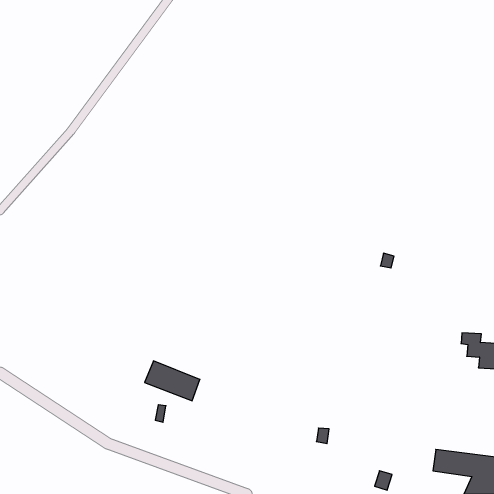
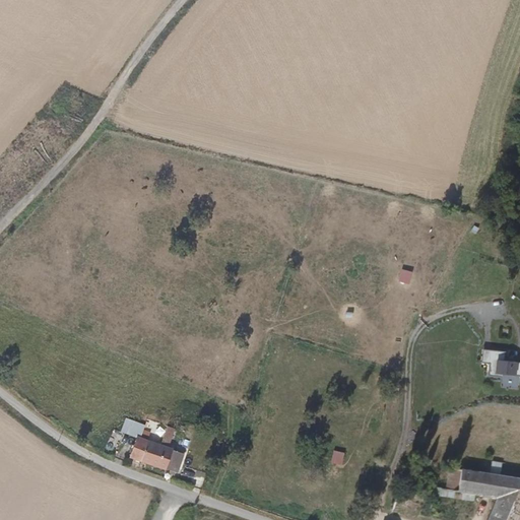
building: [145,361,200,401] -> [130,433,188,474]

